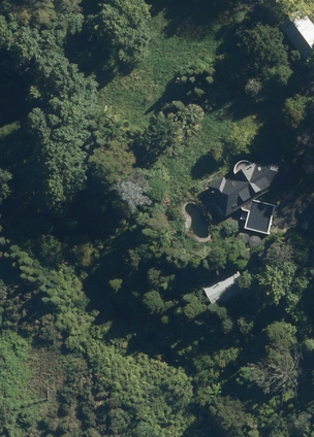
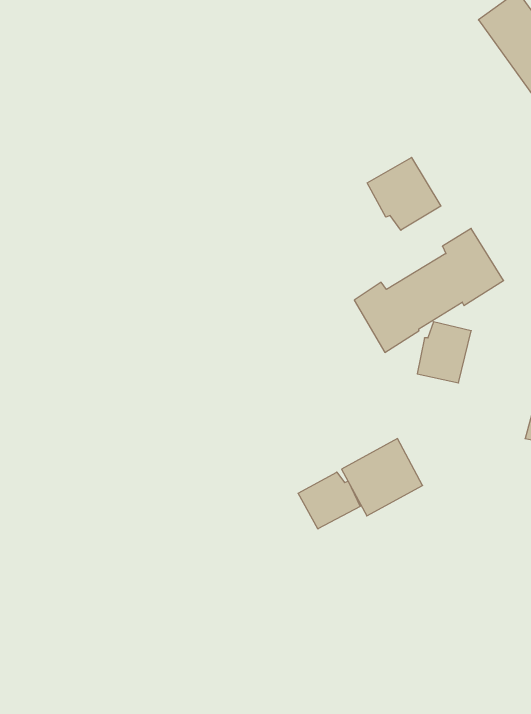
building: none -> [367,157,441,230]
building: none -> [298,472,360,529]

